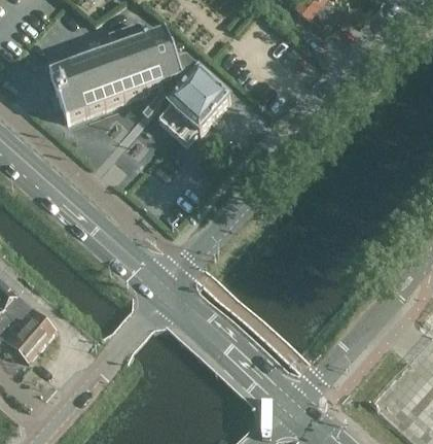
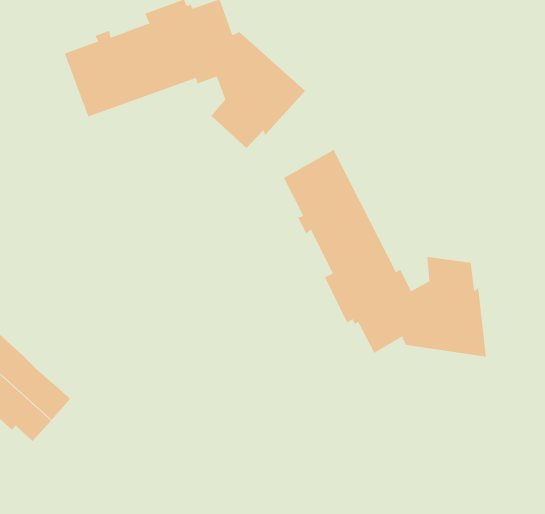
building: none -> [284,149,487,357]

